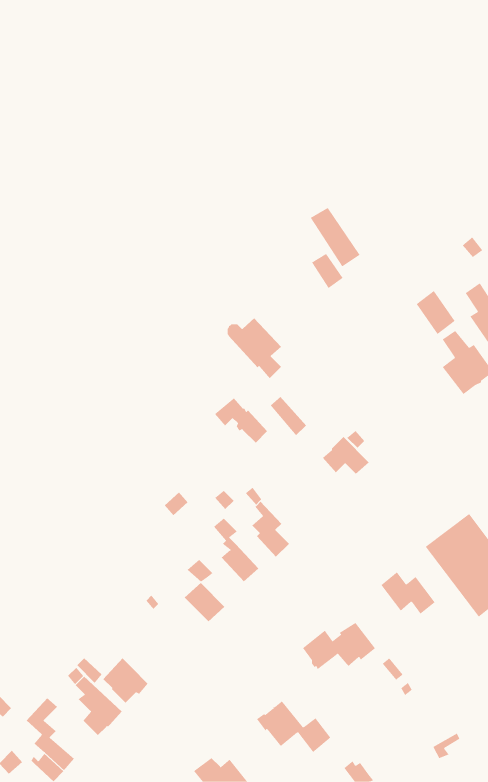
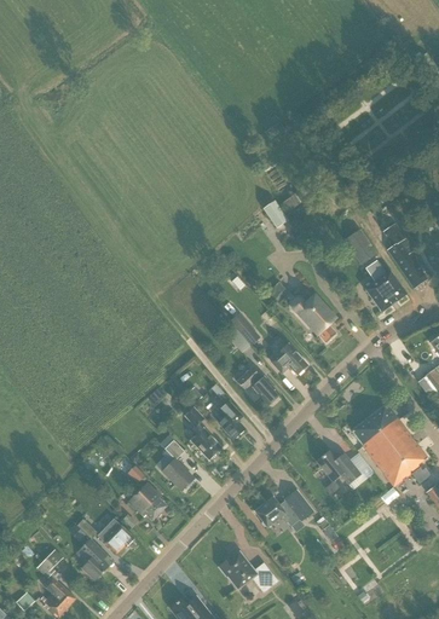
building: [227,318,282,379] -> [293,295,336,343]
building: [214,397,268,444] -> [237,368,279,404]
building: none -> [129,482,167,521]

